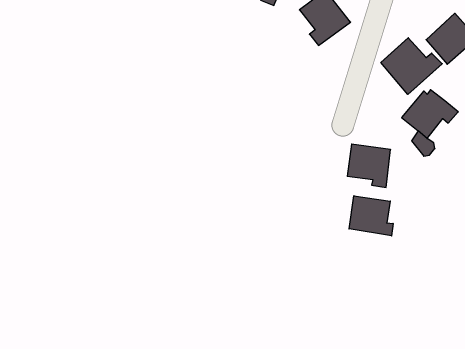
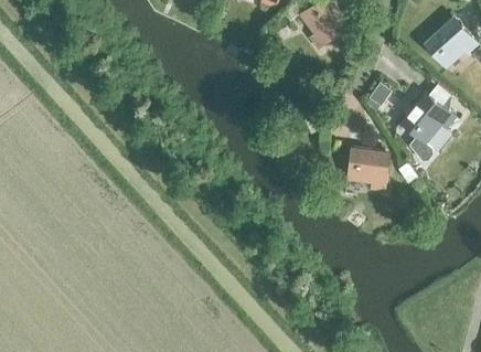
building: [381,38,442,94] -> none
building: [349,196,393,236] -> none

